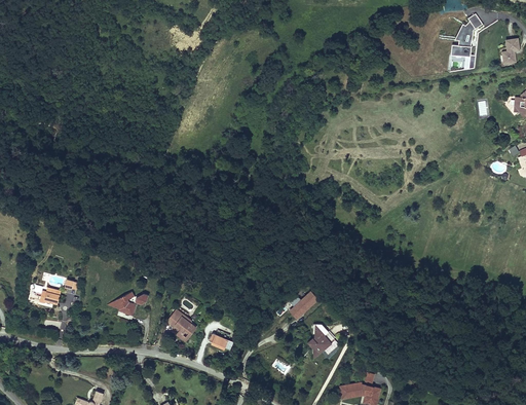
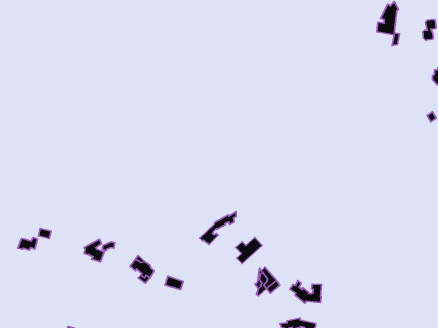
building: none -> [200,212,236,244]
building: none -> [290,280,322,303]

